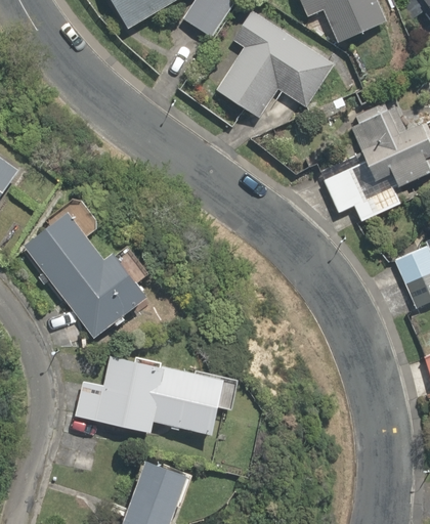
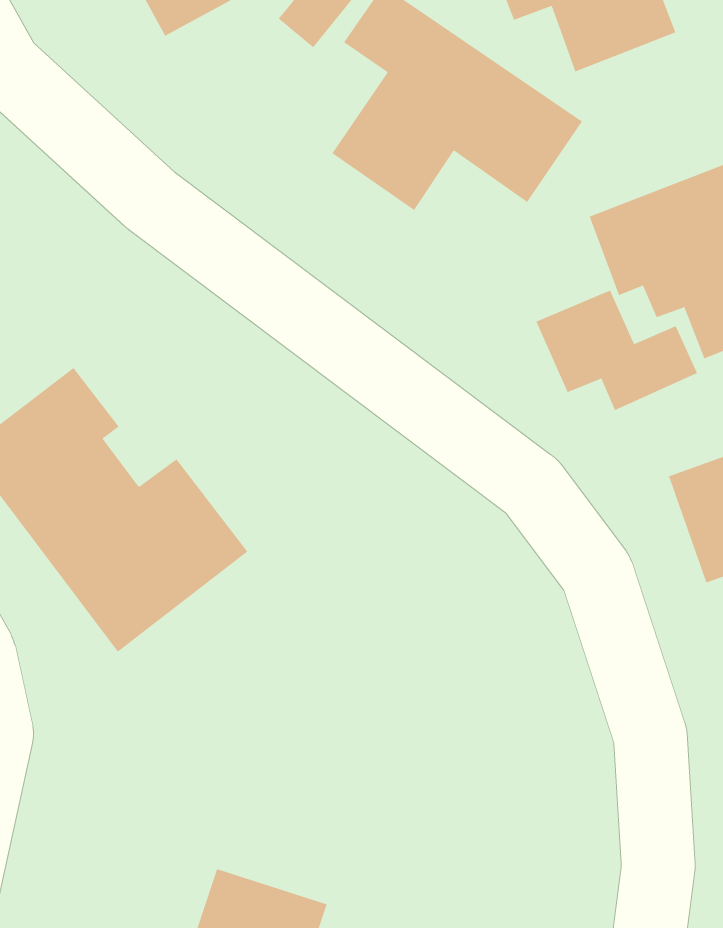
building: [67,348,256,444] -> none

